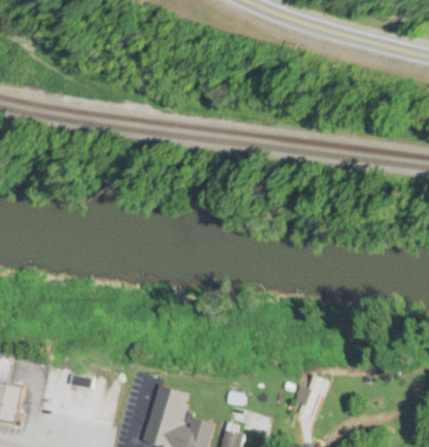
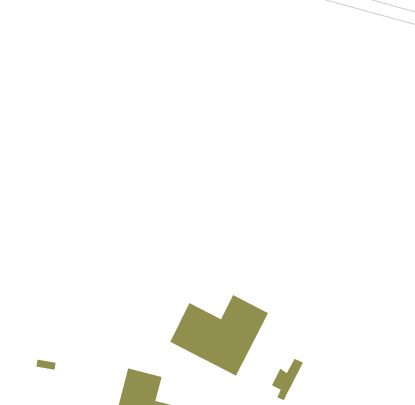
building: none -> [170,294,269,377]

